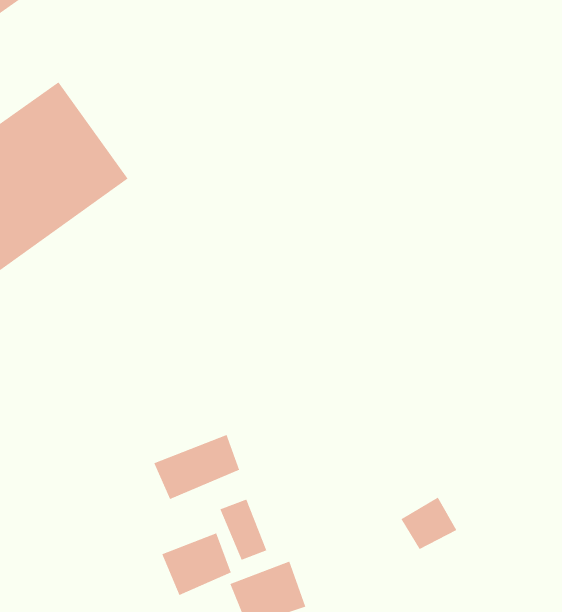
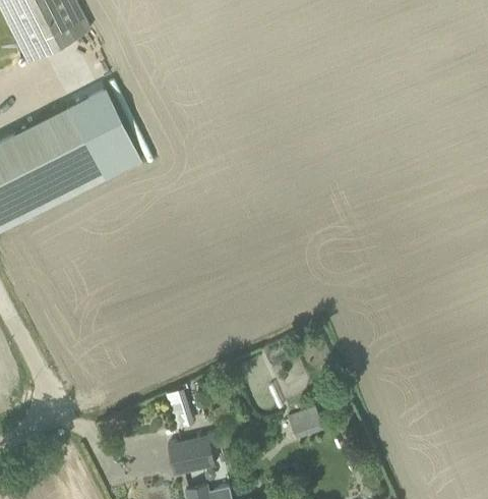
building: [154,434,240,500] -> none
building: [161,532,232,596] -> none

